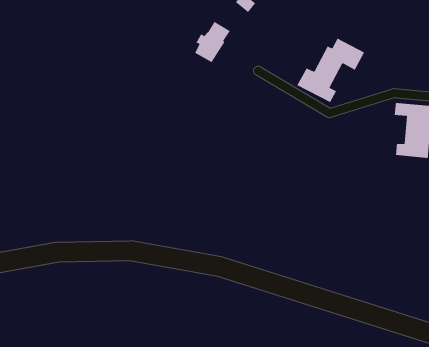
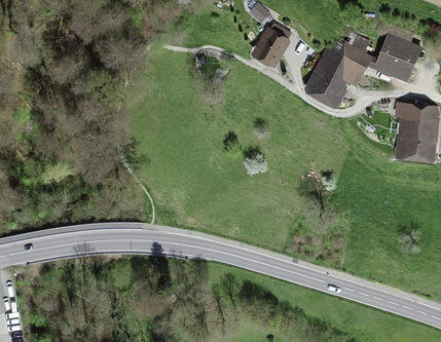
building: [194,21,231,63] -> [256,24,290,63]
building: none -> [374,36,419,80]

